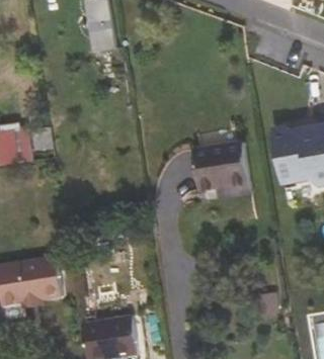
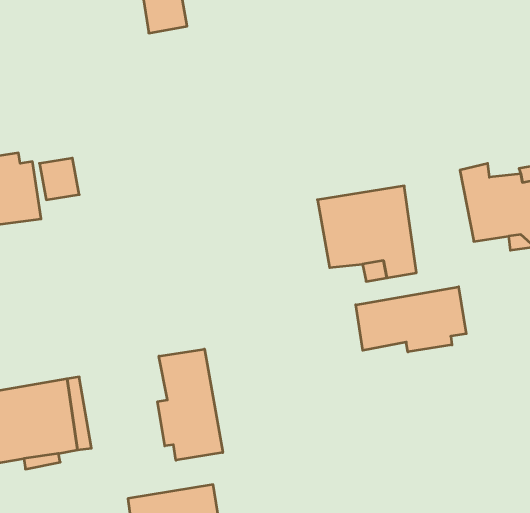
building: none -> [356,287,466,352]
building: none -> [158,349,223,460]

